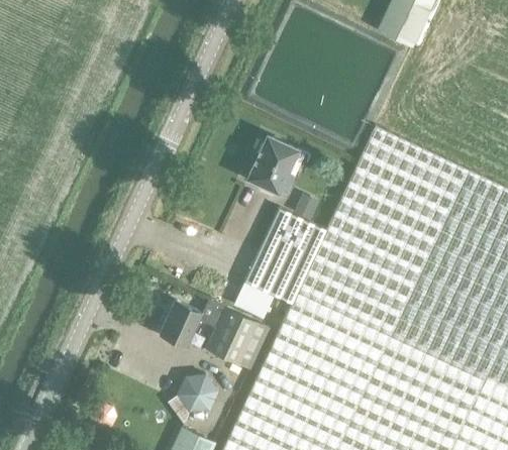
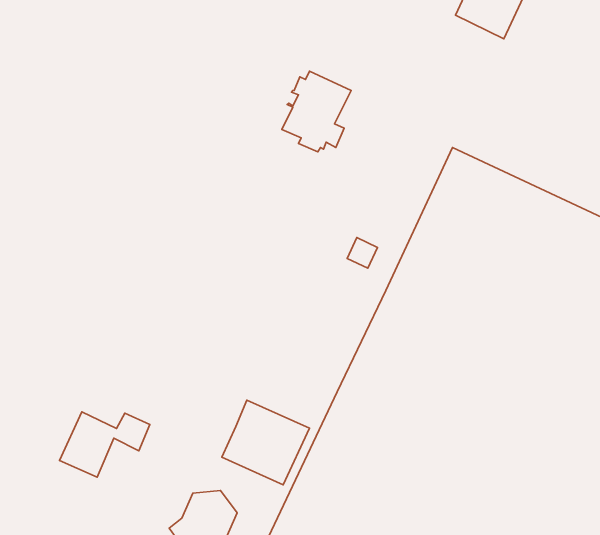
building: [248,136,299,195] -> [282,71,351,152]
building: [235,208,327,318] -> none
building: [161,301,226,348] -> [60,412,150,477]

